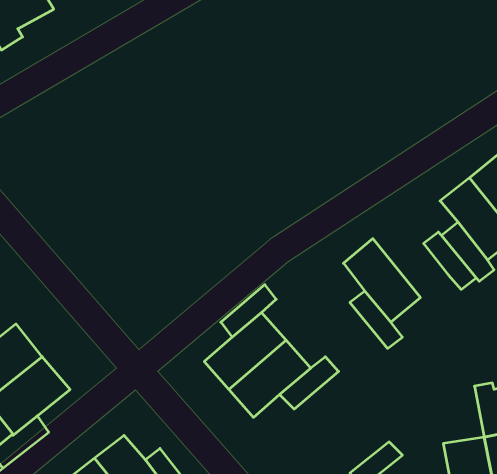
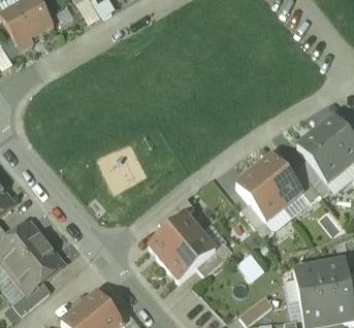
building: none -> [255,153,302,204]
building: none -> [294,260,325,296]

